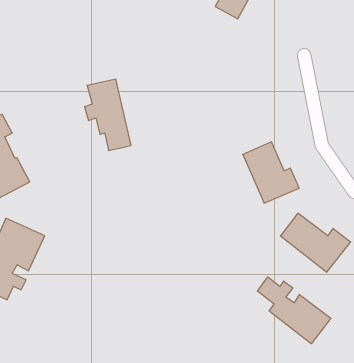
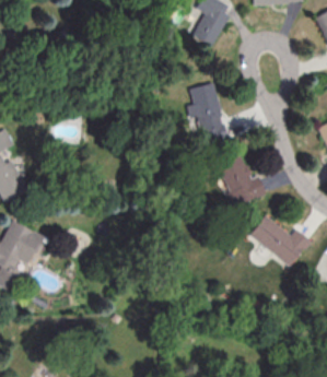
building: [85,79,131,151] -> [187,82,227,144]
building: [257,277,331,344] -> none

